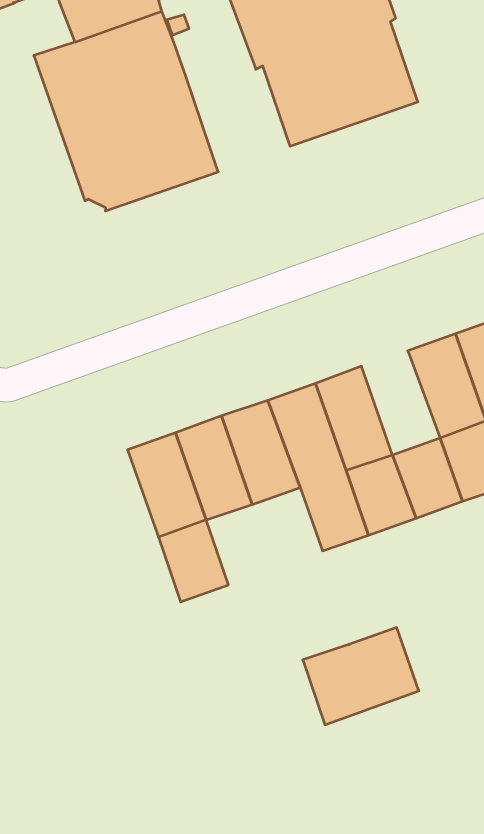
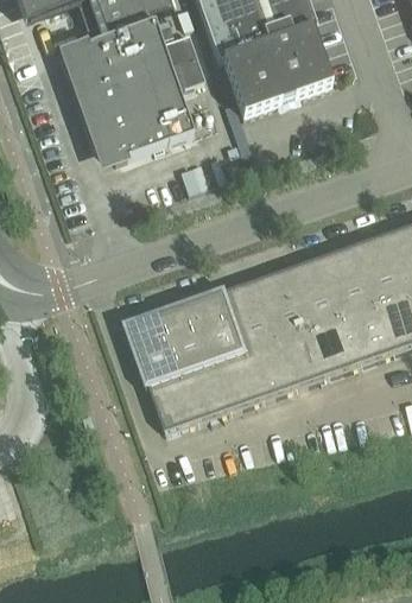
building: none -> [161,30,205,82]
building: none -> [292,254,347,326]
building: [303,628,419,725] -> [184,349,265,417]

